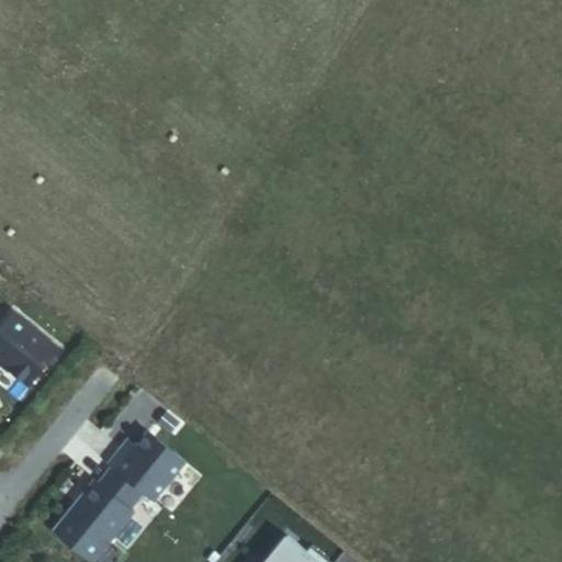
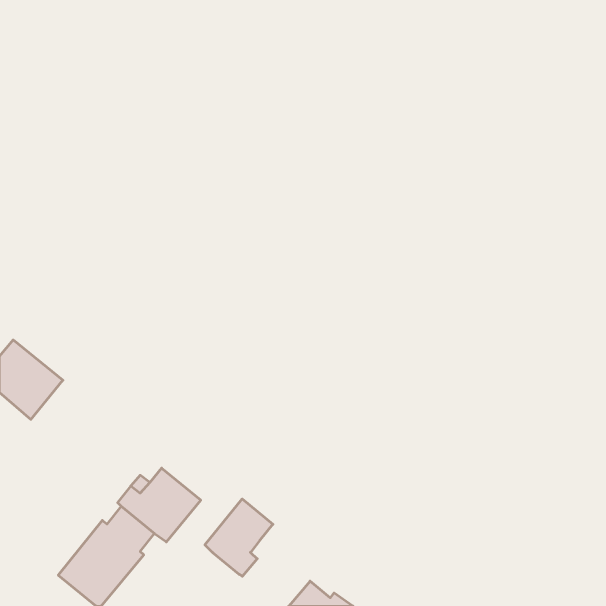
building: none -> [205,499,273,576]

